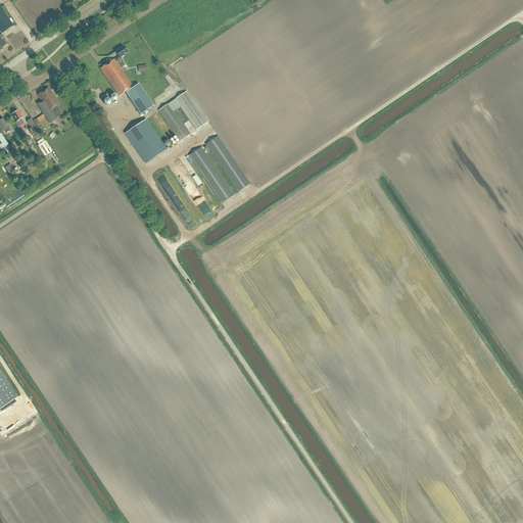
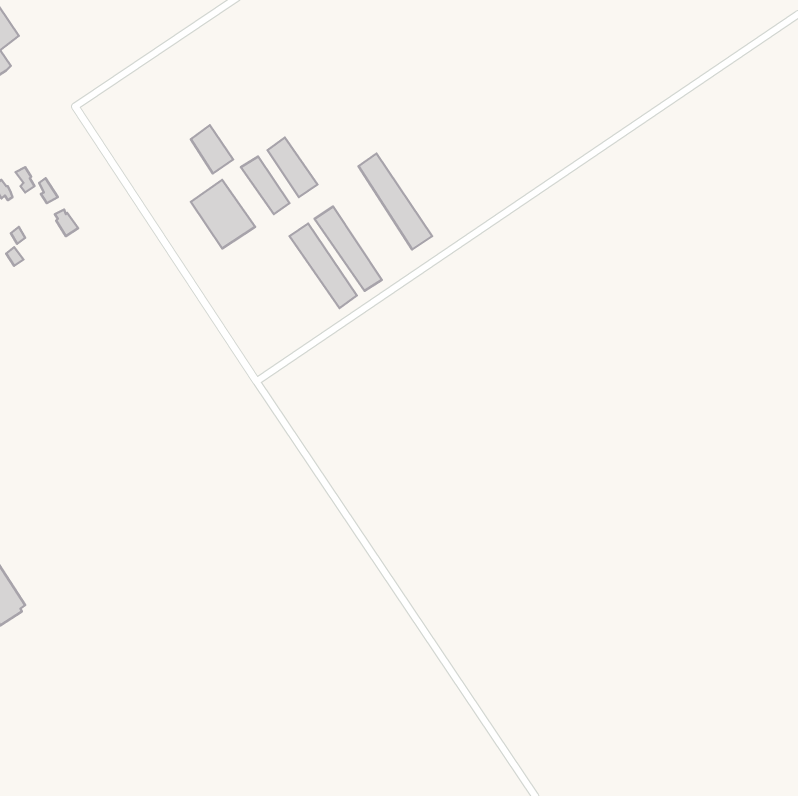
building: [99,45,132,95] -> none
building: [36,86,60,122] -> none
building: none -> [358,154,432,250]

